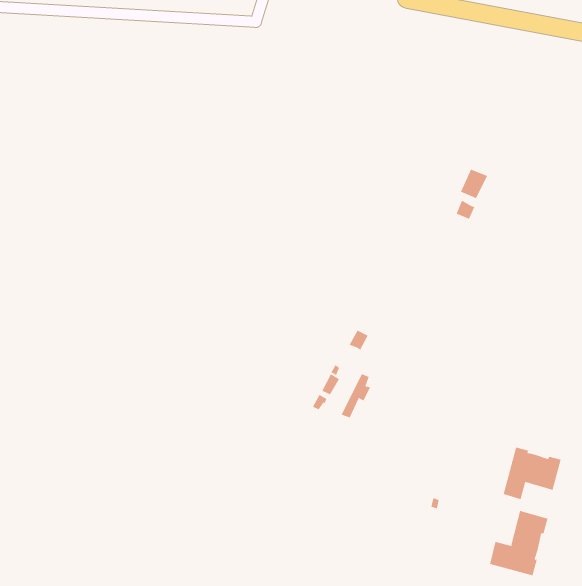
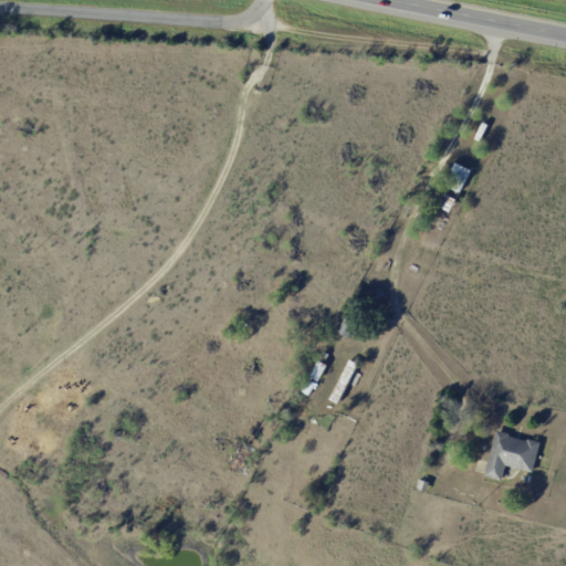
building: [490,510,548,576] -> none

